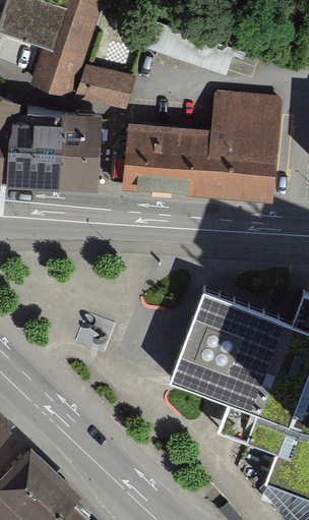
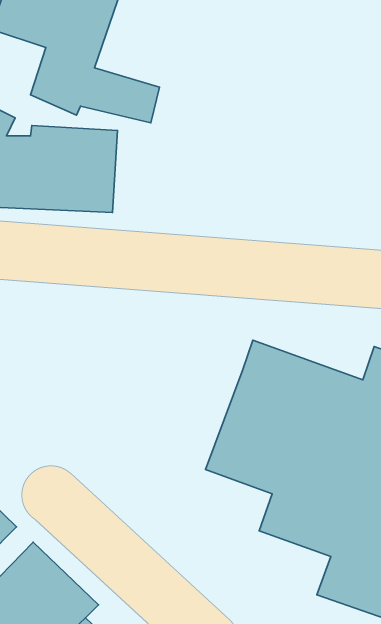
building: [127,101,274,197] -> none

